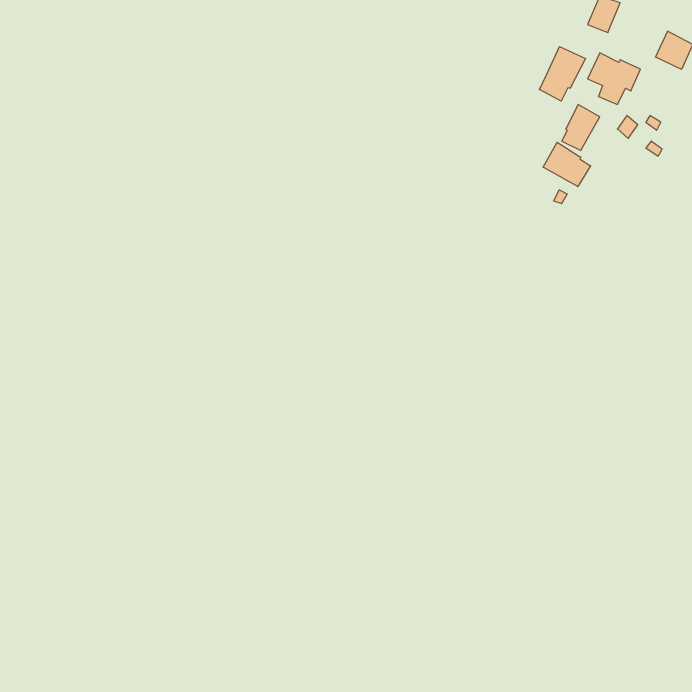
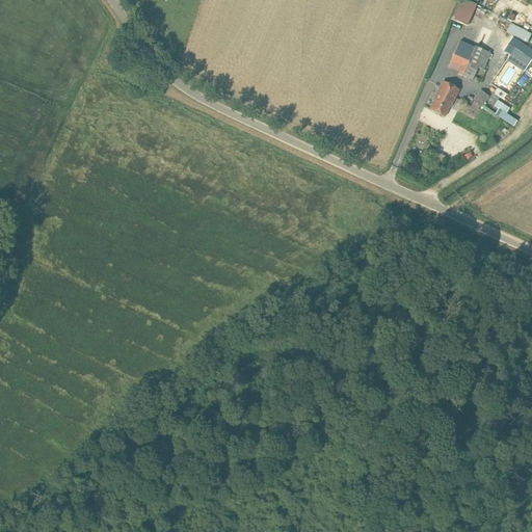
building: [539,47,586,101] -> none
building: [543,142,591,187] -> none

